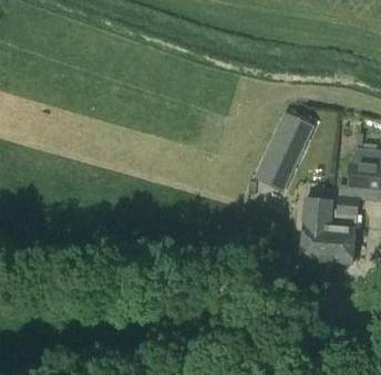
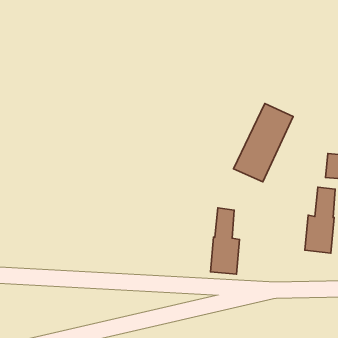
building: [299,194,329,261] -> [210,208,240,274]

